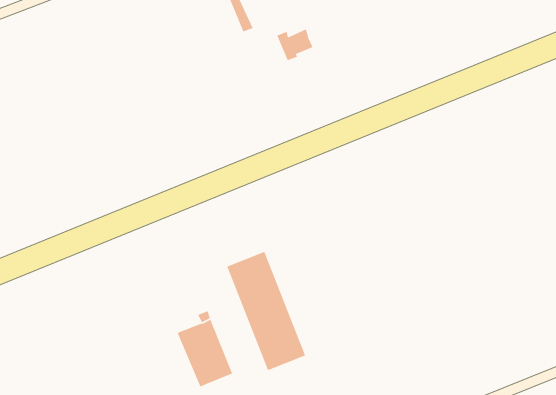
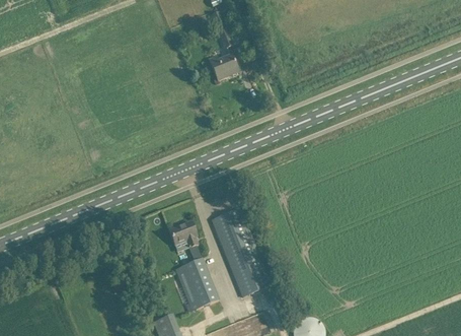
building: [276,28,315,61] -> [208,56,236,80]
building: none -> [167,222,196,248]

